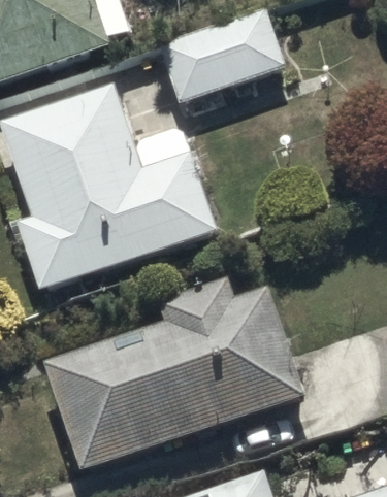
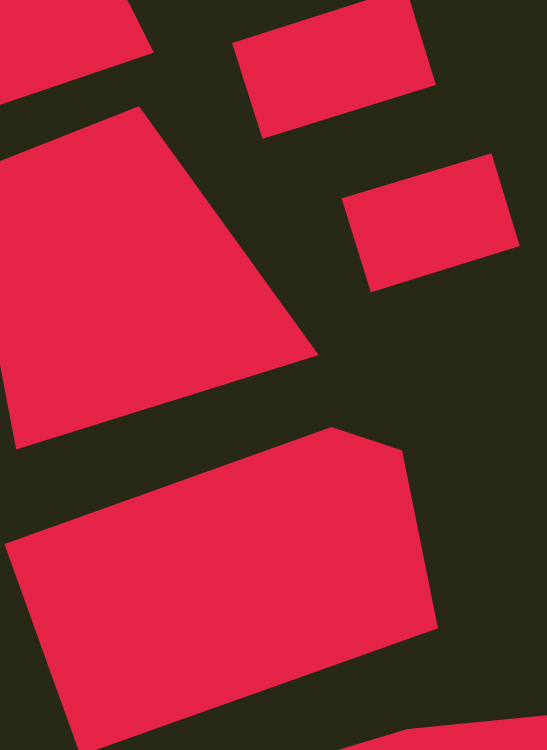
building: none -> [341,153,521,293]

